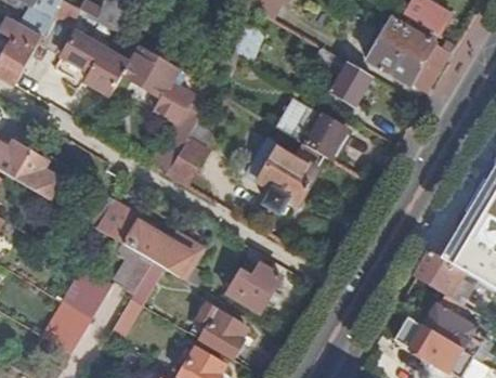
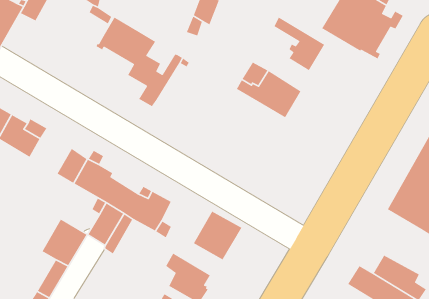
building: [62,32,129,95] -> none
building: [165,136,207,184] -> none
building: [247,140,325,211] -> none
building: [414,250,474,298] -> none

